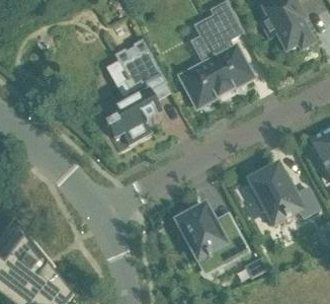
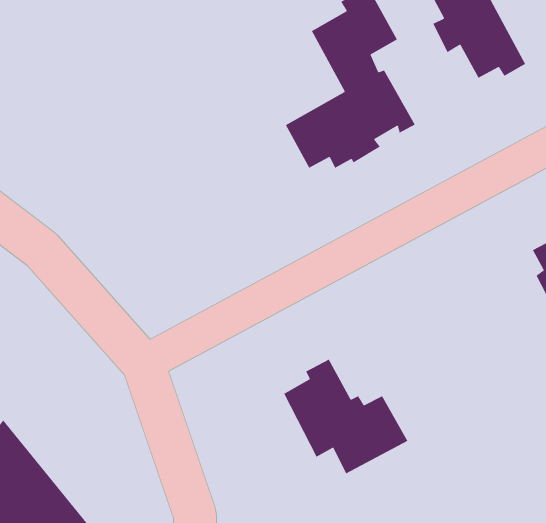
building: [105,37,165,143] -> none
building: [249,165,318,223] -> none

